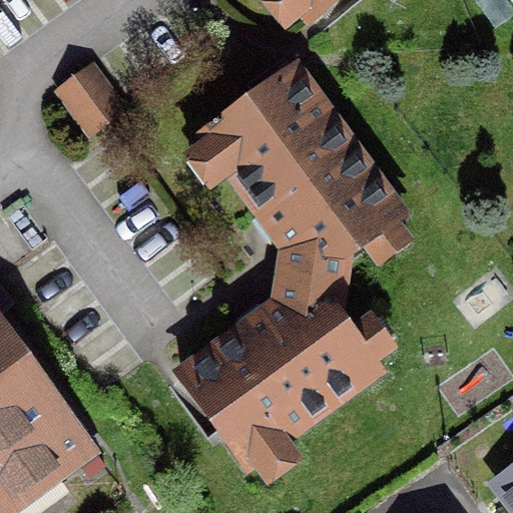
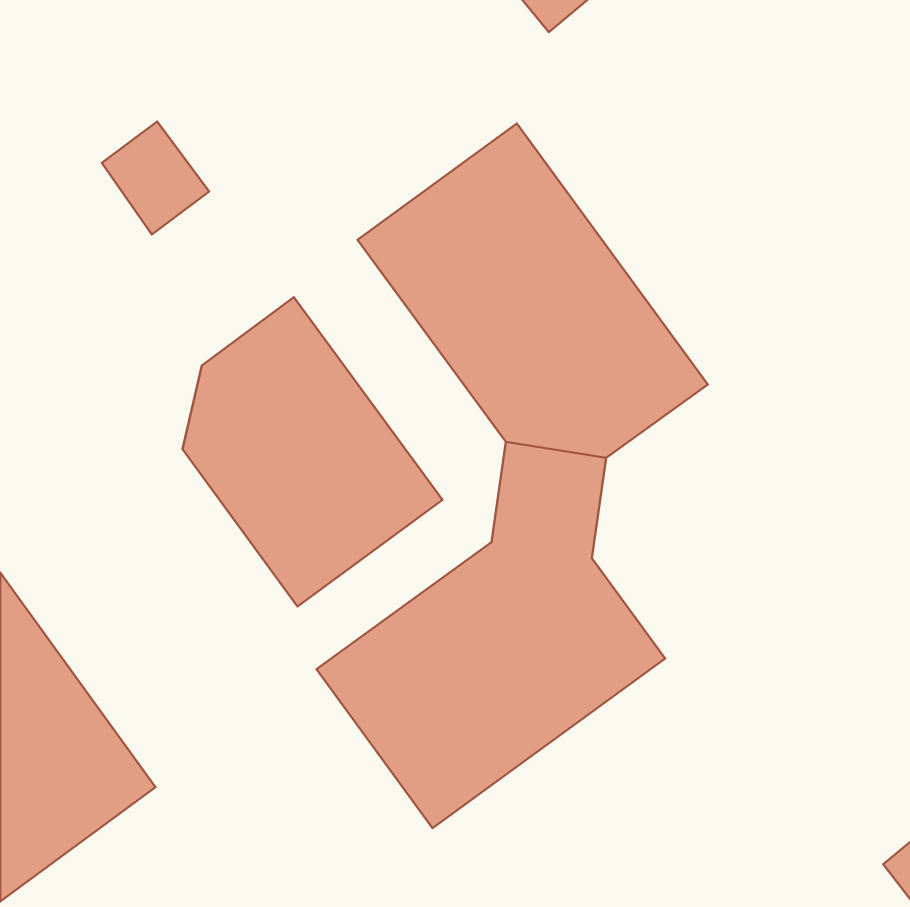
building: none -> [182,297,442,607]

